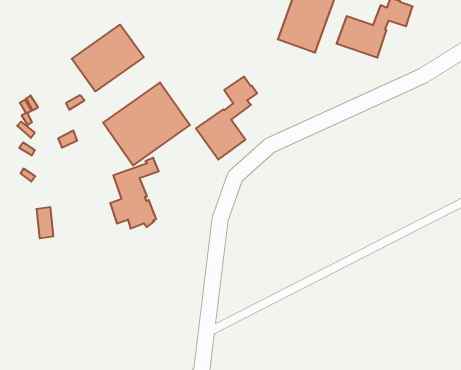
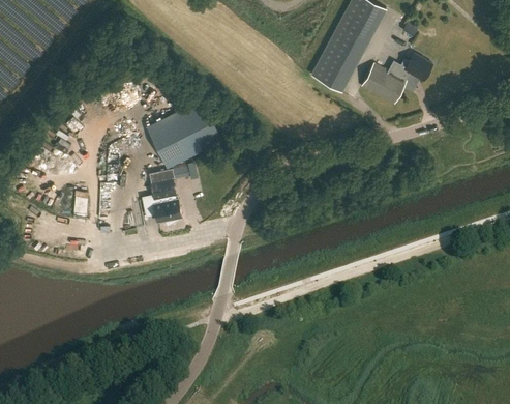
building: [72,25,144,91] -> none
building: [196,76,257,160] -> none

